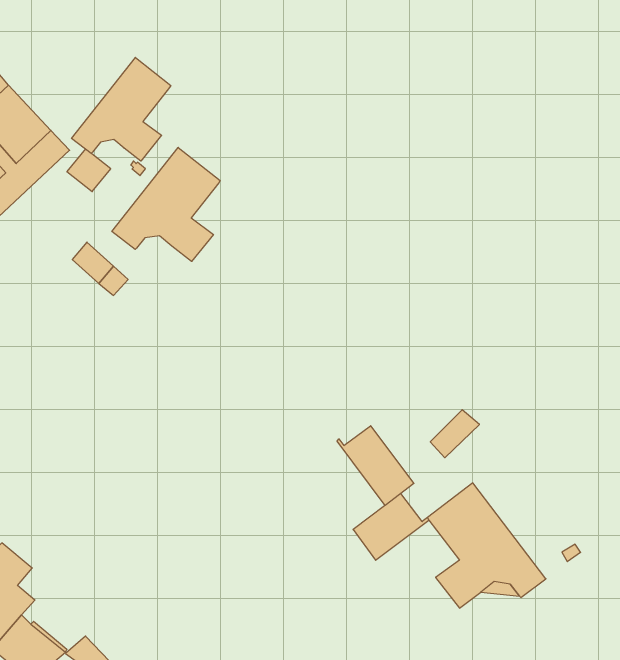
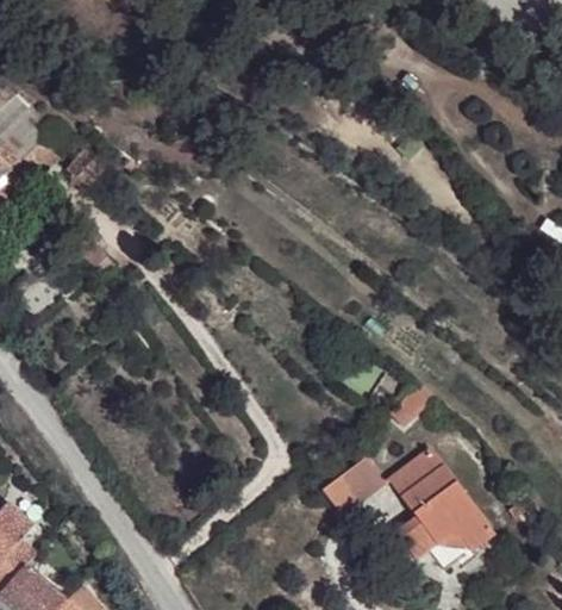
building: [72,57,171,161] -> none
building: [112,147,220,261] -> none
building: [337,426,414,505] -> none

